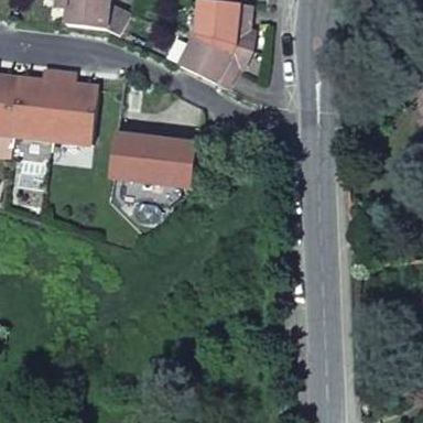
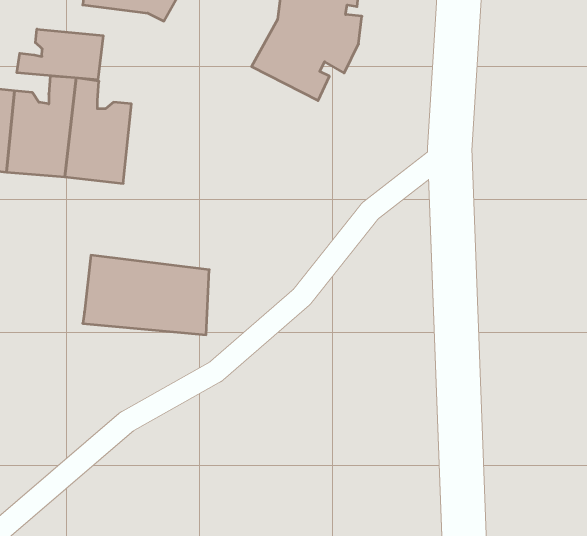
building: none -> [17,29,103,80]
building: [111,131,197,185] -> [83,255,209,335]

